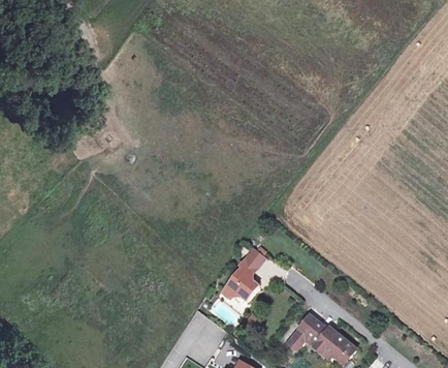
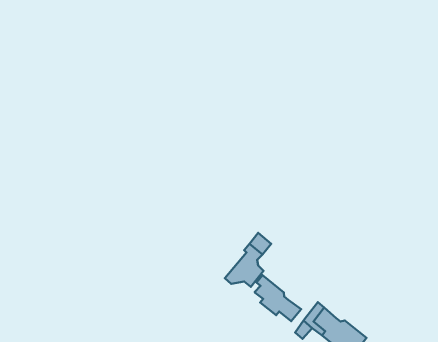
building: none -> [255,275,301,321]

